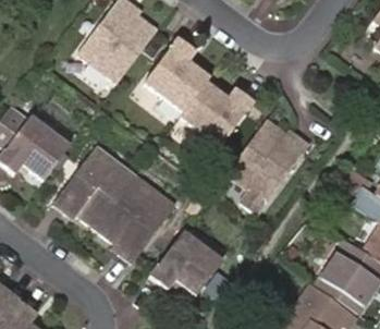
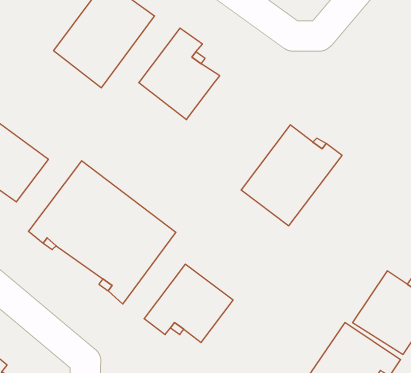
building: [180,83,253,147] -> none

